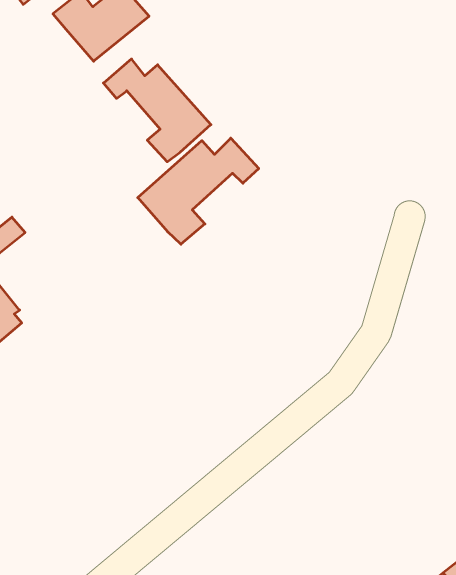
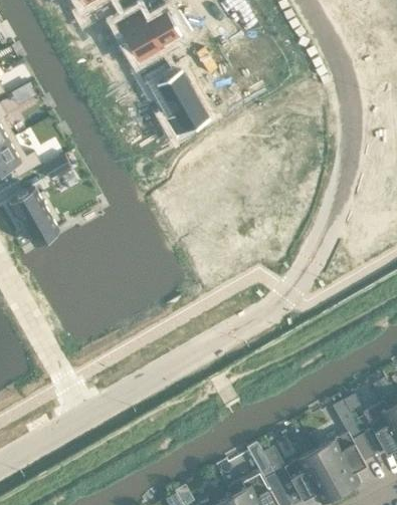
building: [138,138,259,244] -> none

